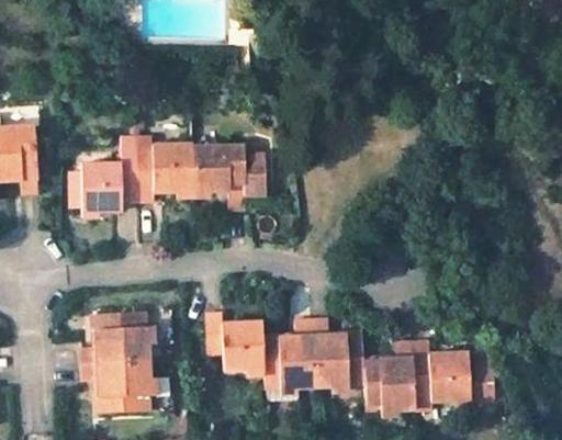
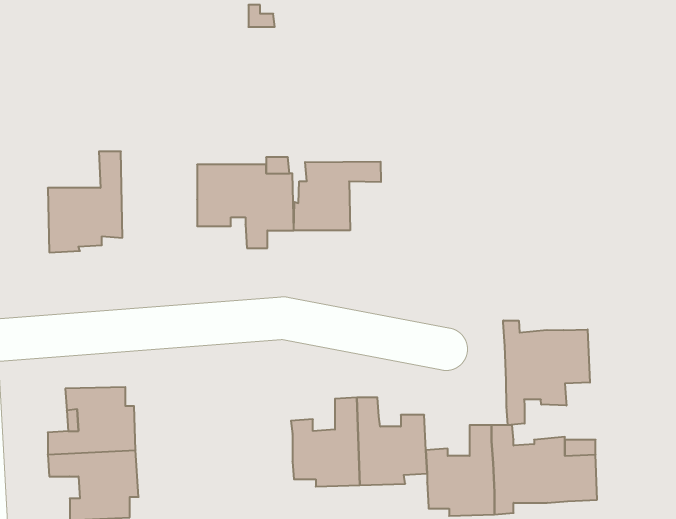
building: [135,137,192,202] -> none
building: none -> [294,162,381,230]
building: none -> [503,320,590,425]
building: [205,315,263,371] -> none

